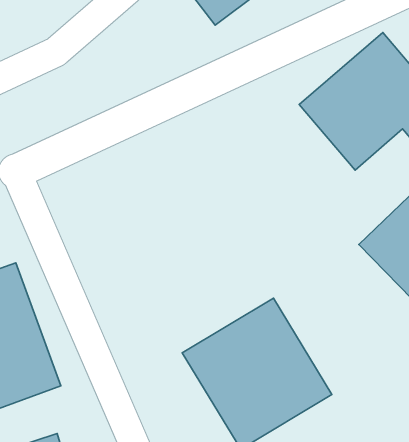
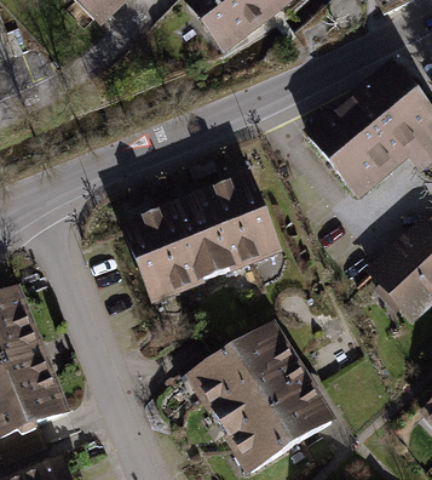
building: none -> [125,173,282,302]

